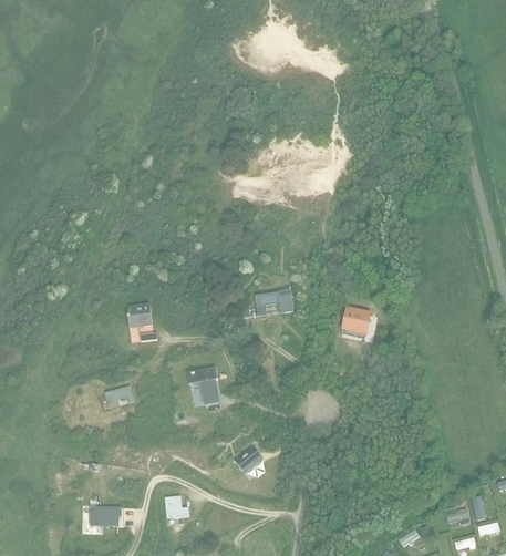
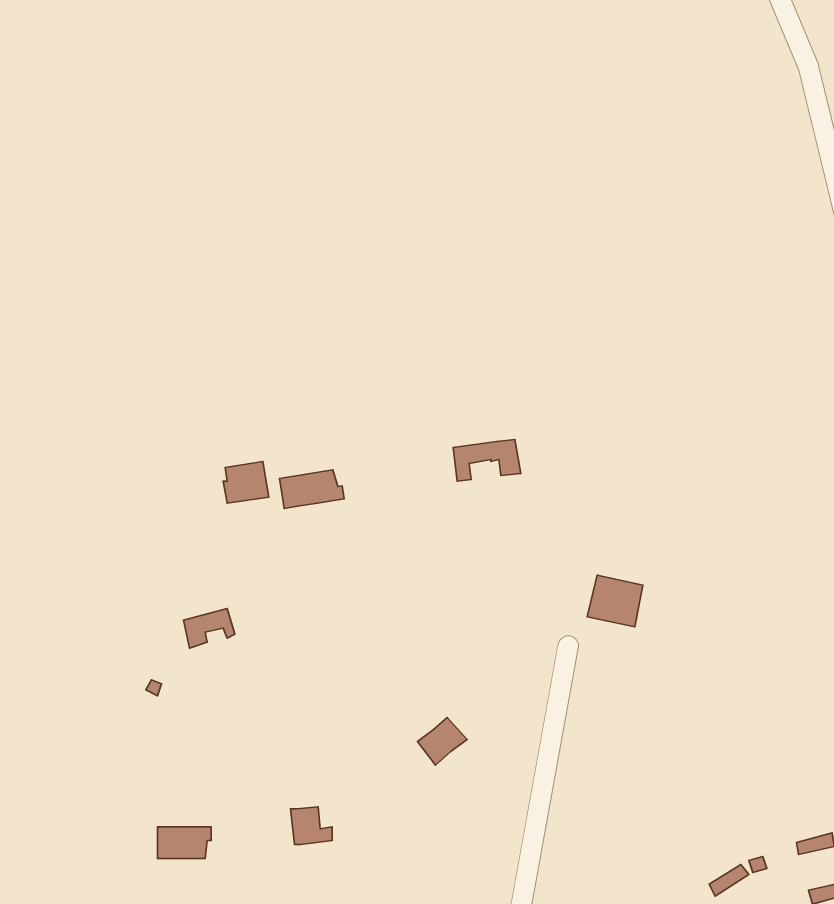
building: [340,306,371,334] -> [587,575,643,627]
building: none -> [279,470,344,508]
building: [186,367,217,403] -> none

